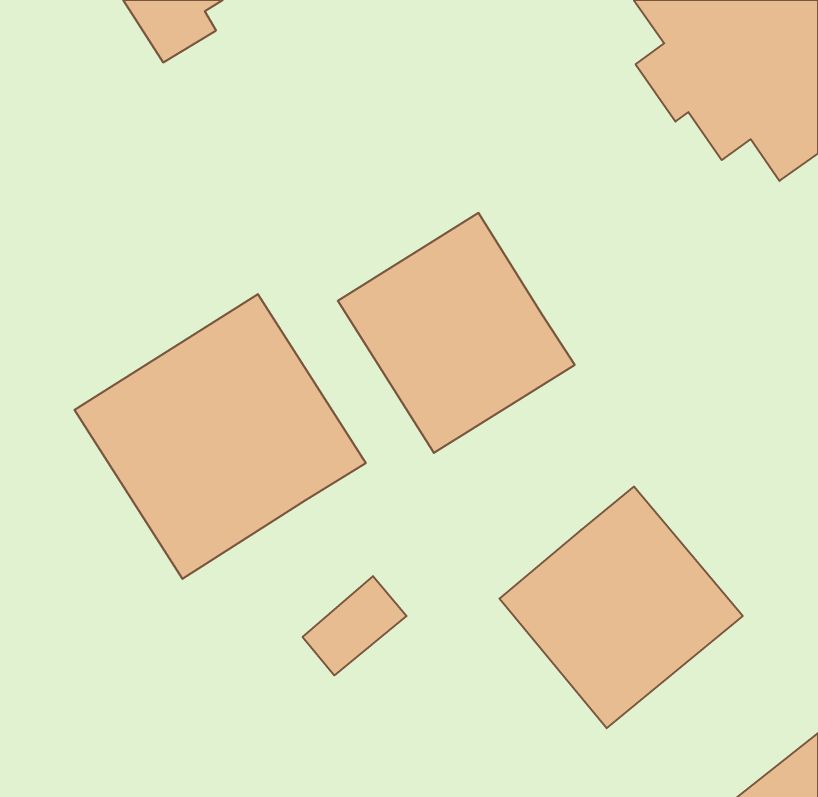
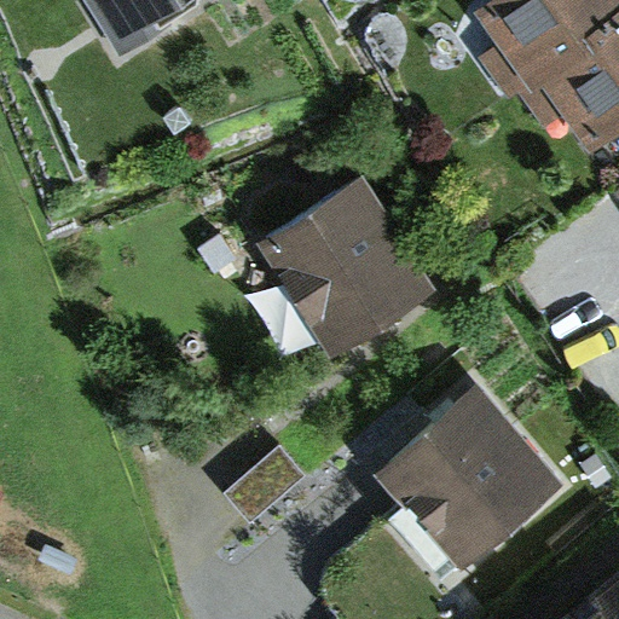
building: [75,294,366,579] -> none

